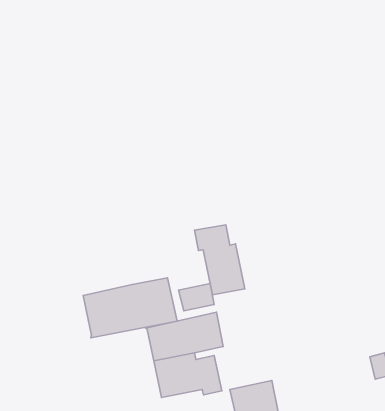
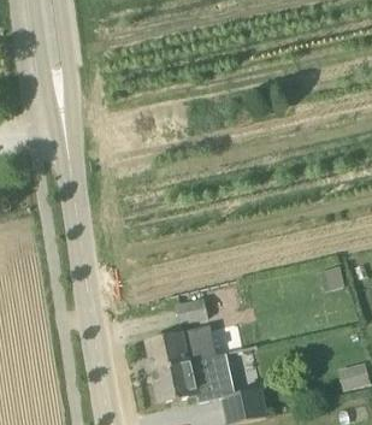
building: [194,225,245,295] -> none
building: [83,278,177,338] -> none

